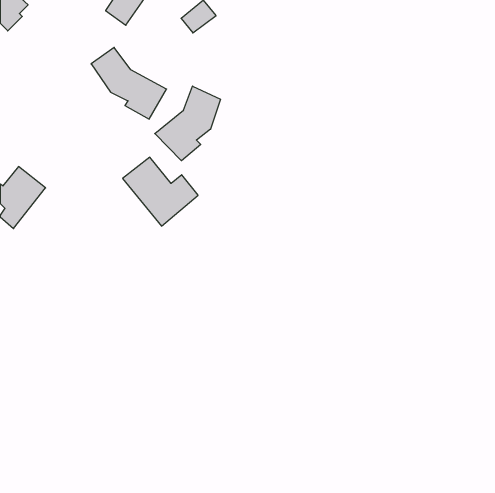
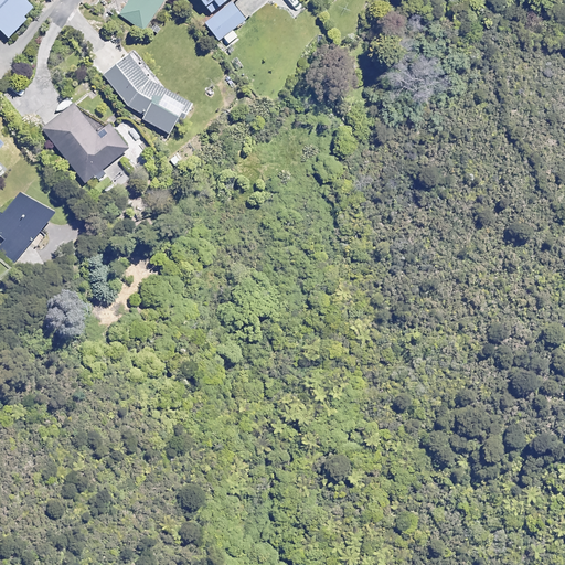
building: [155,86,221,161] -> none
building: [123,157,198,226] -> [42,103,128,181]

